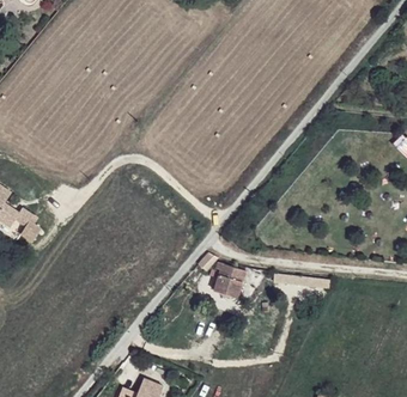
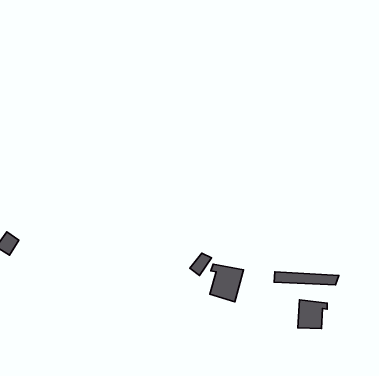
building: none -> [298,300,327,329]

